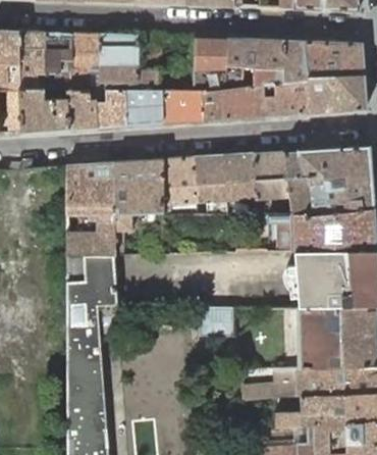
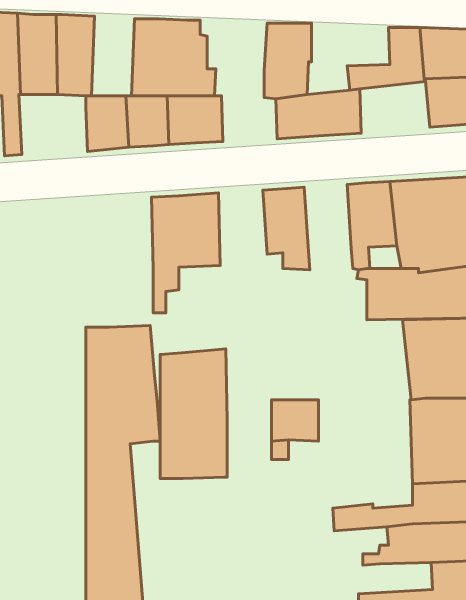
building: [71,33,102,90] -> none
building: [225,38,284,89] -> none
building: [263,80,313,116] -> none
building: [19,89,68,132] -> none
building: [164,90,204,122] -> none
building: [223,153,257,214] -> none
building: [162,157,197,214] -> none
building: [67,162,115,255] -> [160,349,227,479]

